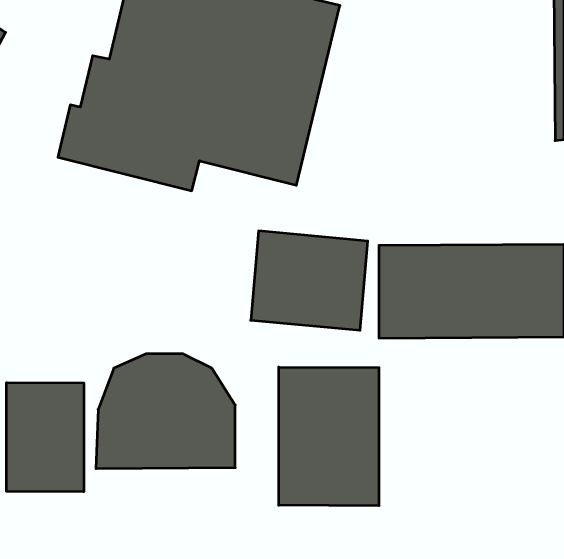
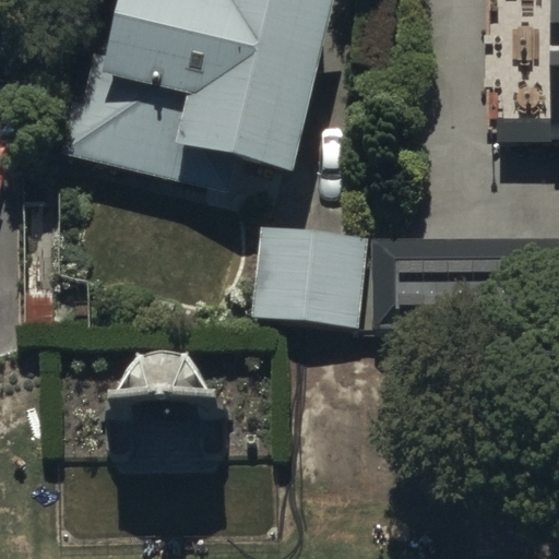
building: [279,367,379,506] -> none
building: [7,383,84,492] -> none

